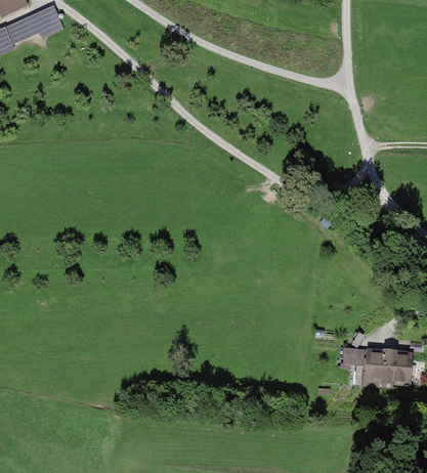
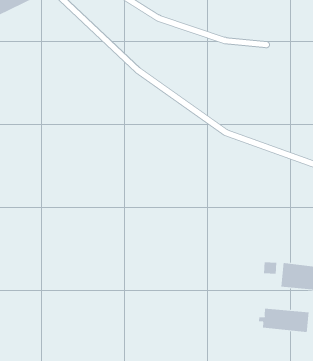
building: none -> [258,308,309,333]

